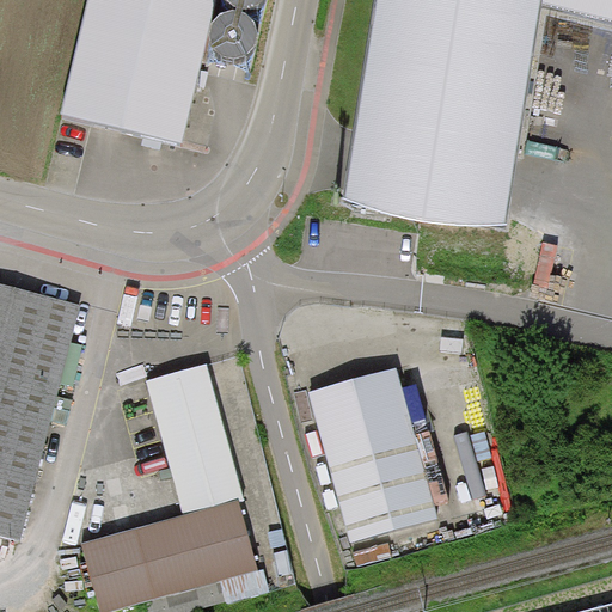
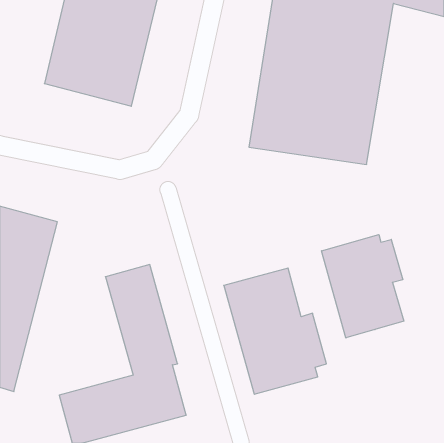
building: none -> [322,235,404,338]

